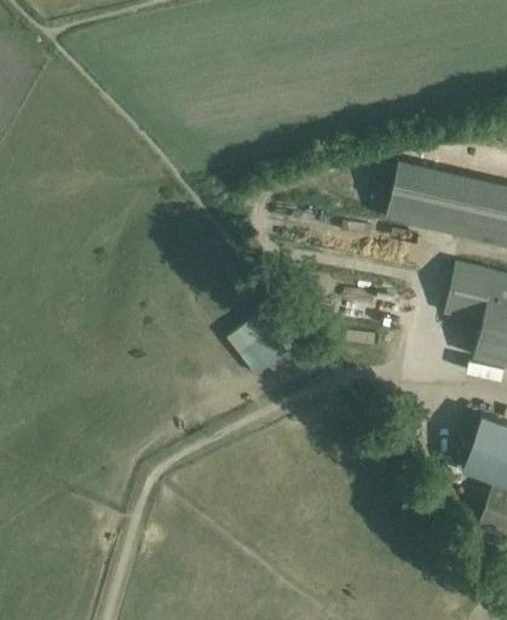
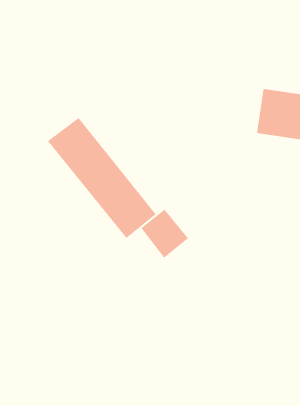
building: none -> [47,117,157,239]

